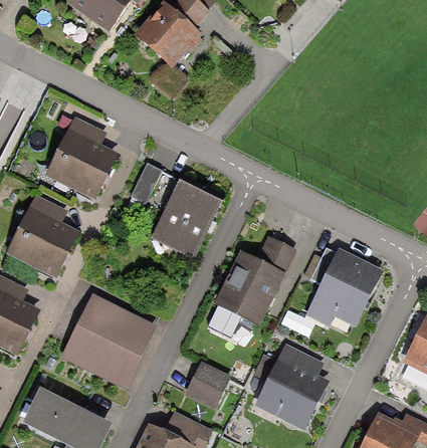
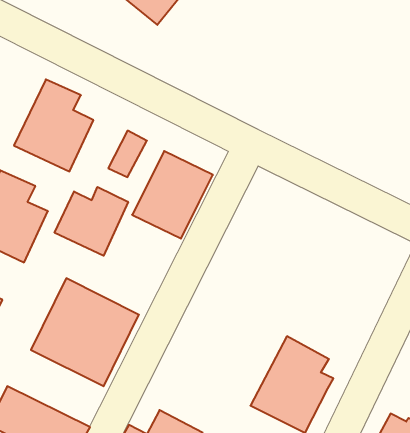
building: none -> [55,187,128,256]
building: [208,234,296,343] -> none
building: [305,247,382,325] -> none
building: [185,360,233,409] -> none

